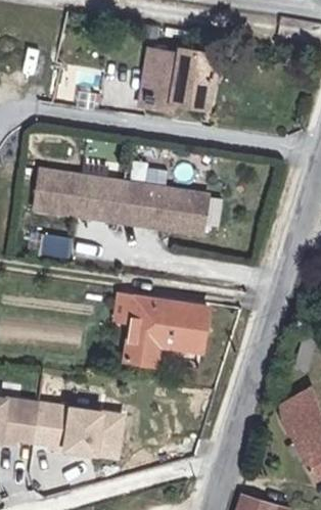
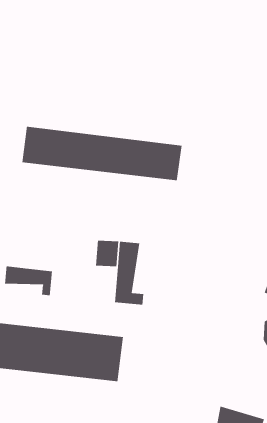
building: [140,58,212,119] -> none
building: [153,304,215,358] -> none
building: none -> [4,266,52,296]

